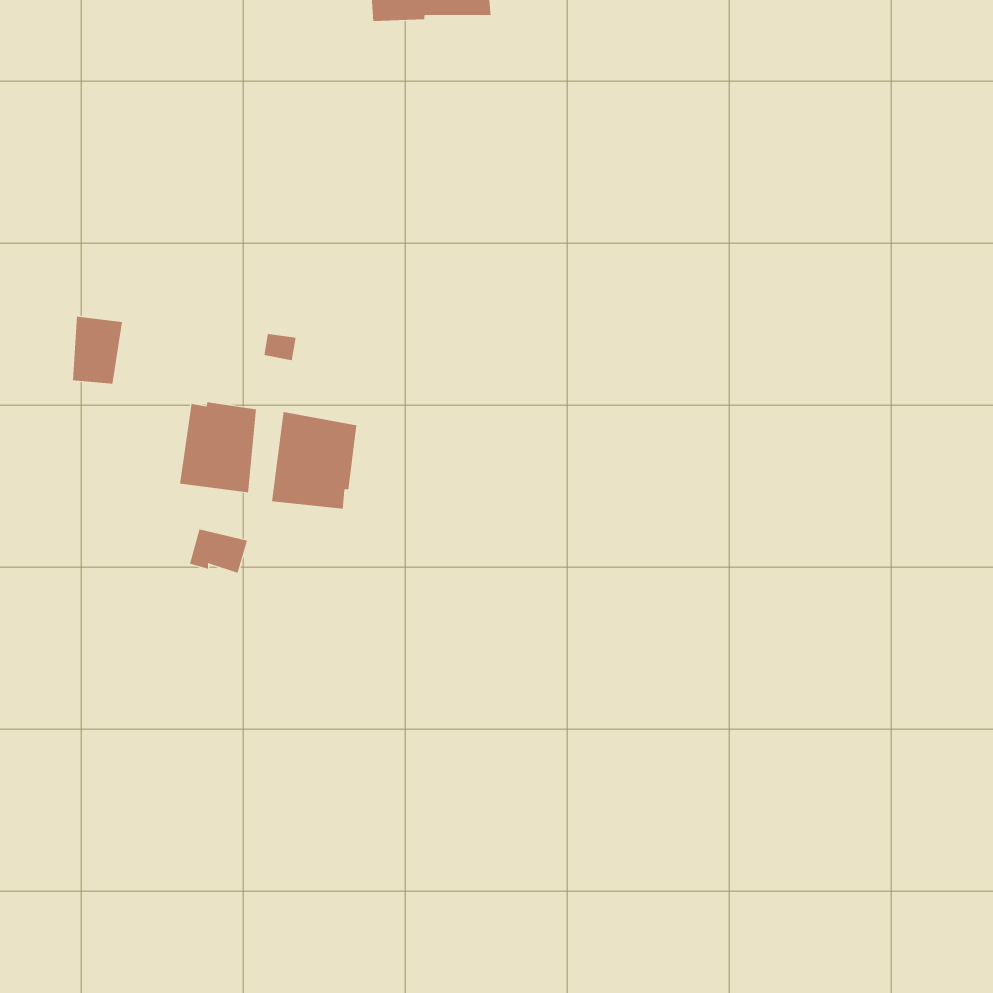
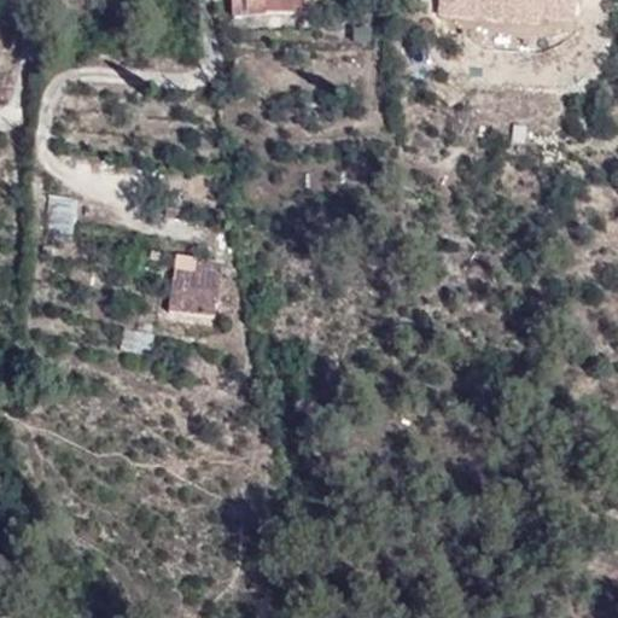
building: [179,402,257,493] -> none

